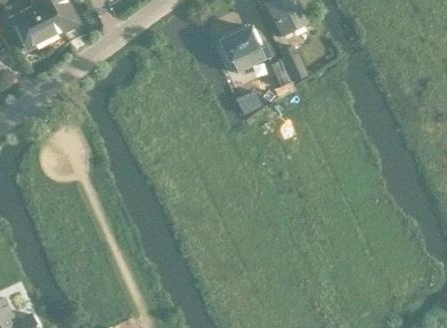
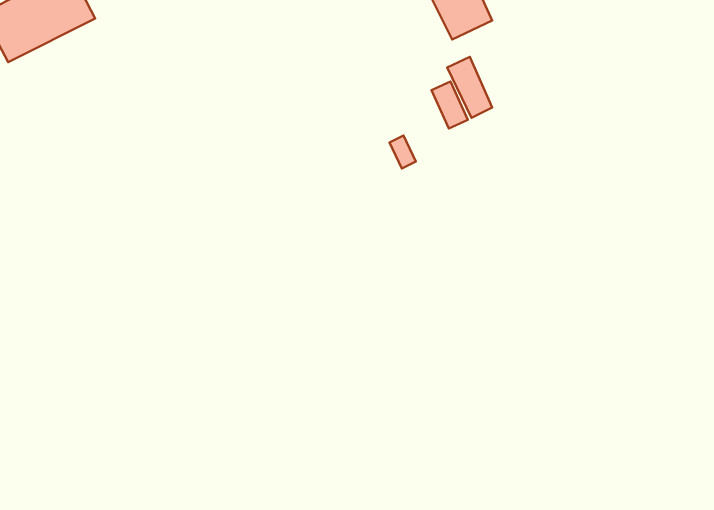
building: [221,26,270,72] -> none

